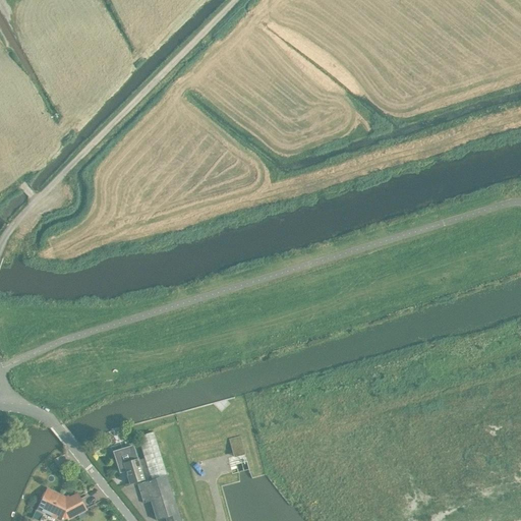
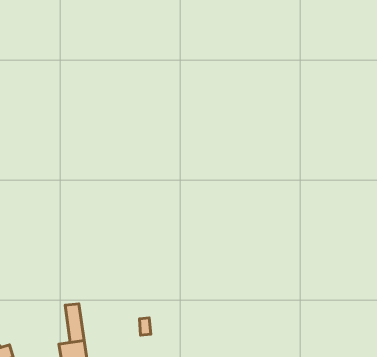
building: [115,449,141,481] -> none

